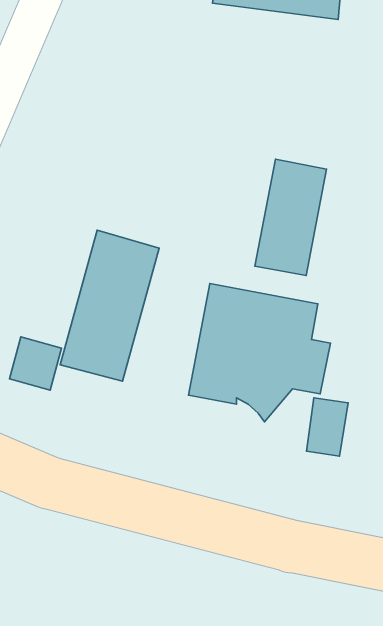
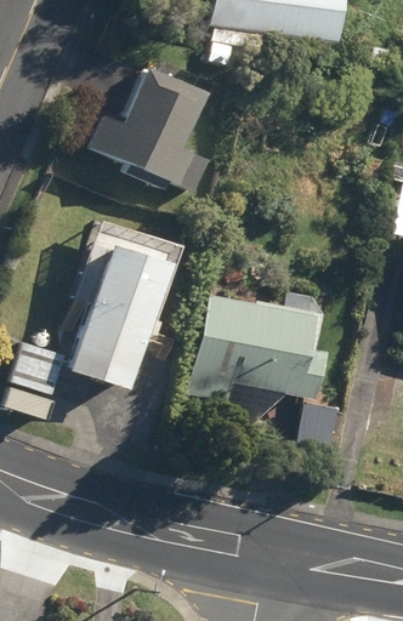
building: none -> [91,63,210,189]
building: [255,159,326,276] -> none

